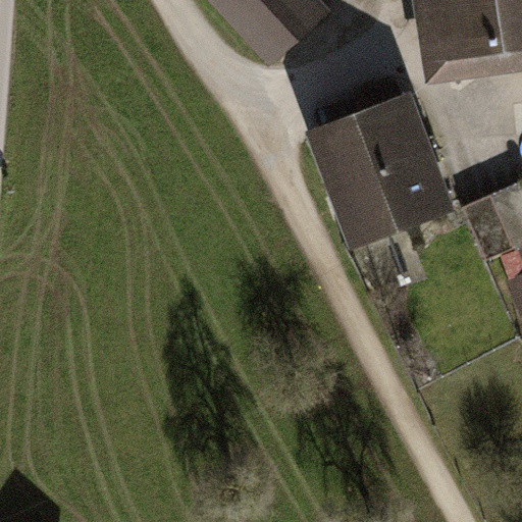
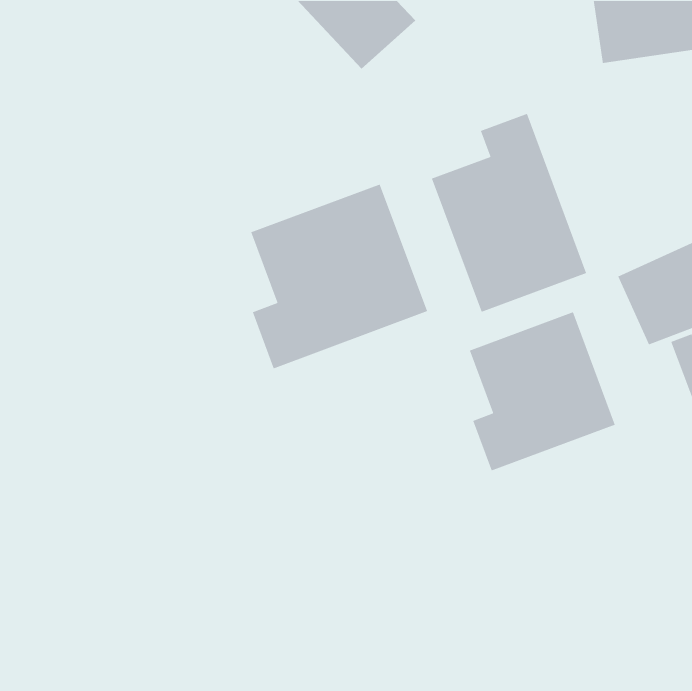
building: none -> [250,183,428,369]
building: none -> [469,311,616,471]

